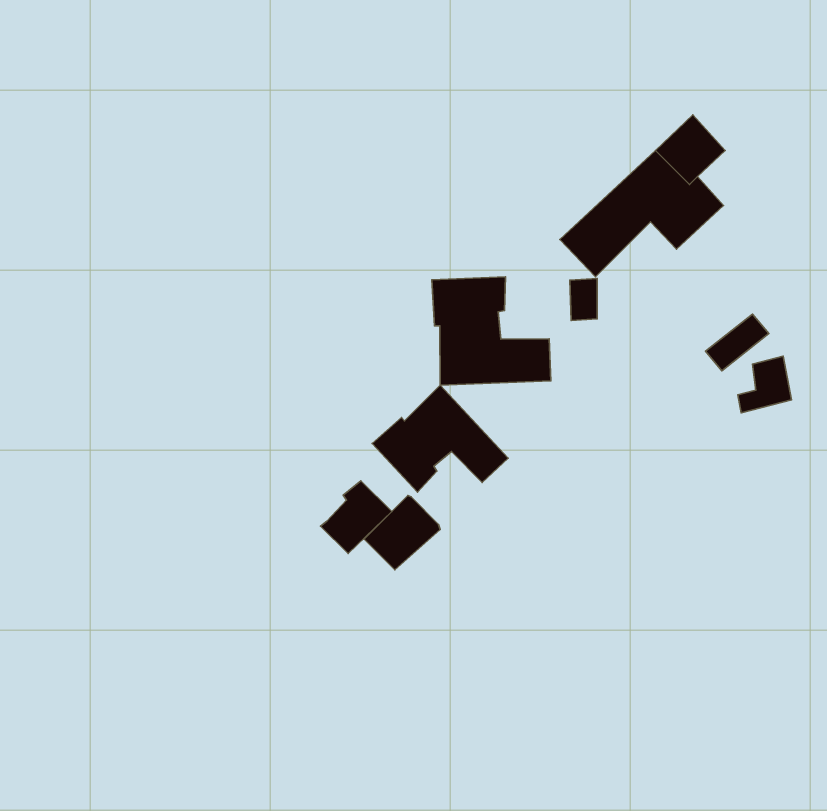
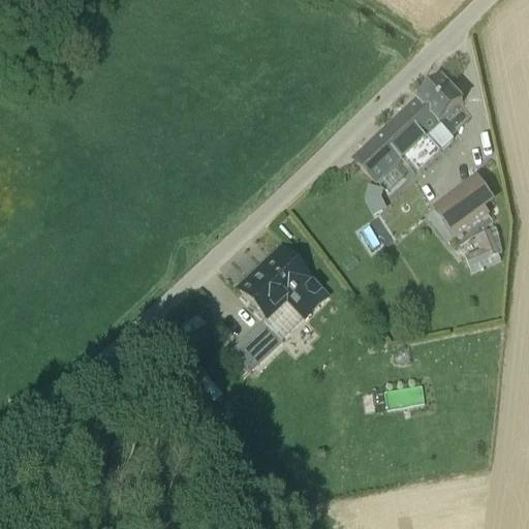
building: none -> [436,172,493,224]
building: [432,277,551,385] -> none
building: [321,481,392,554] -> [262,288,308,335]

